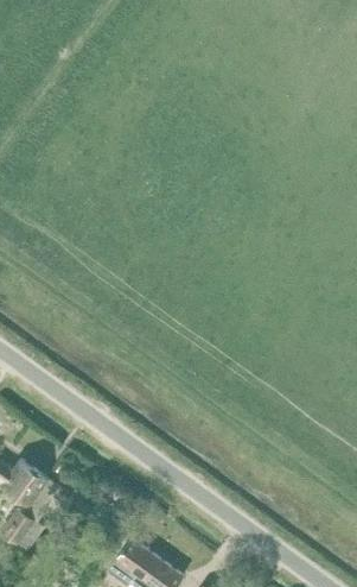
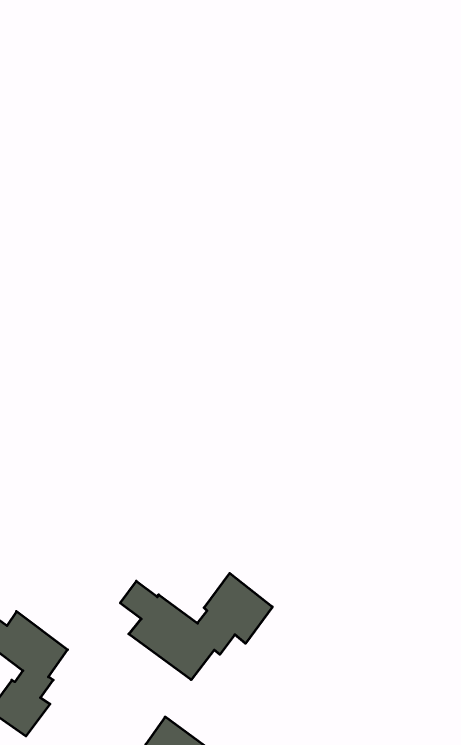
building: none -> [120,573,272,680]

